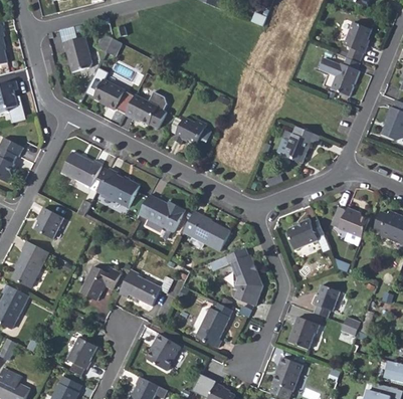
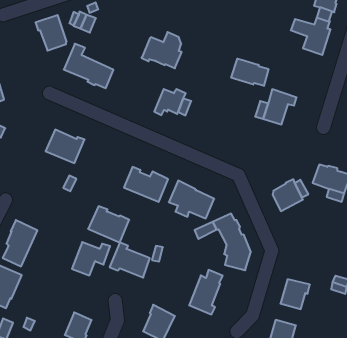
building: [127,89,168,127] -> [141,32,182,68]
building: none -> [231,59,268,86]
building: [97,168,140,206] -> [88,206,129,242]
building: [35,205,64,236] -> none
building: [314,285,339,319] -> none

